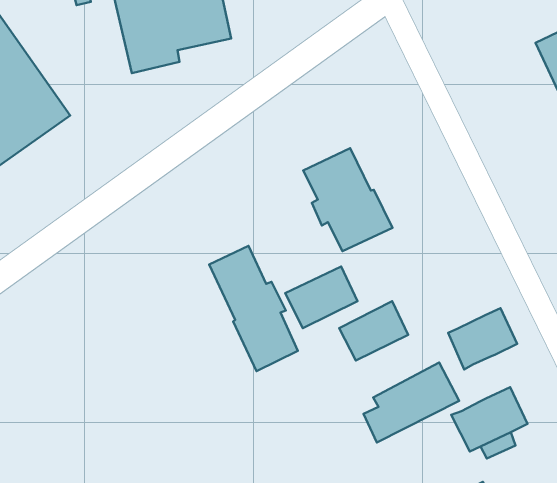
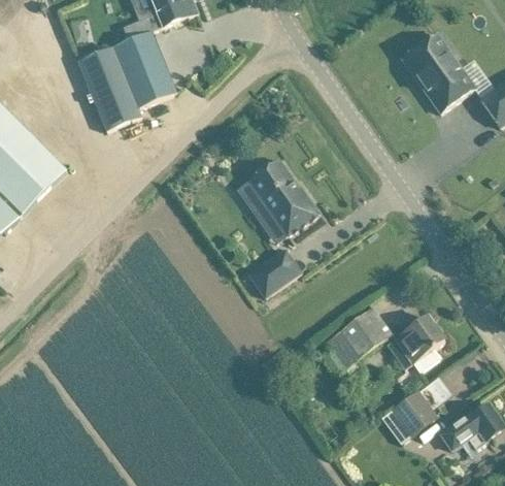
building: [209,246,298,371] -> none
building: [339,301,408,361] -> none
building: [448,308,517,370] -> none

